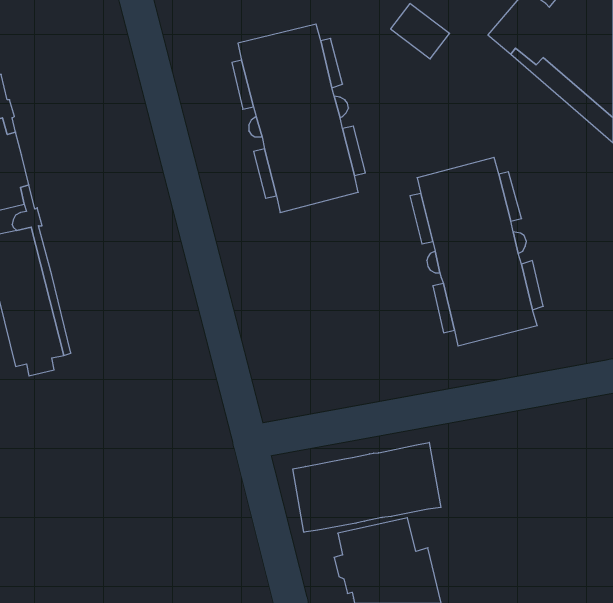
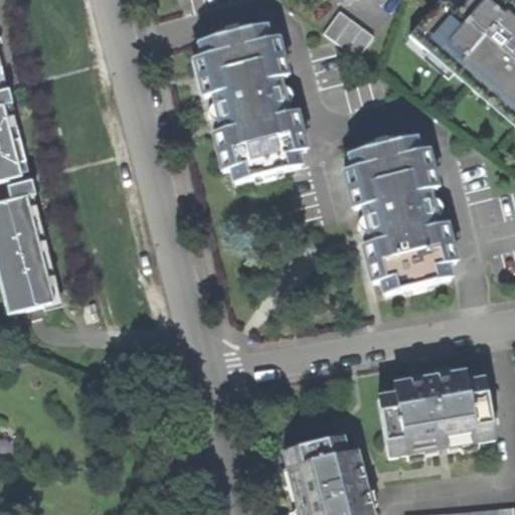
building: none -> [376,369,494,457]
building: [293,442,441,532] -> none

